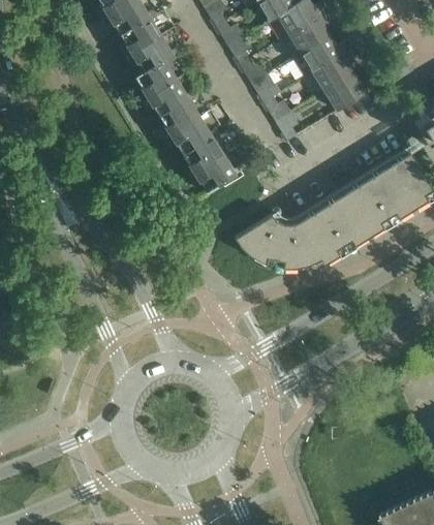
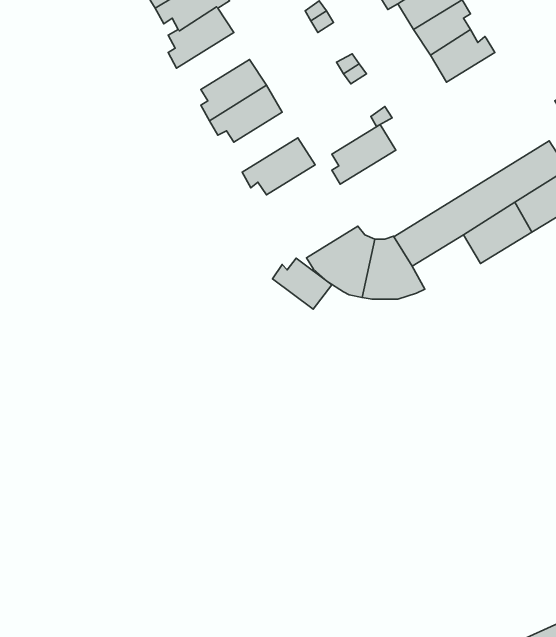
building: [142,74,194,116] -> none
building: [183,132,229,176] -> [332,124,396,184]
building: [312,221,362,266] -> none
building: none -> [272,258,332,309]

